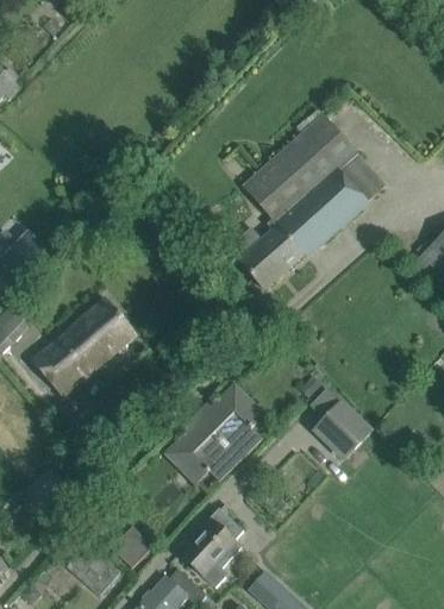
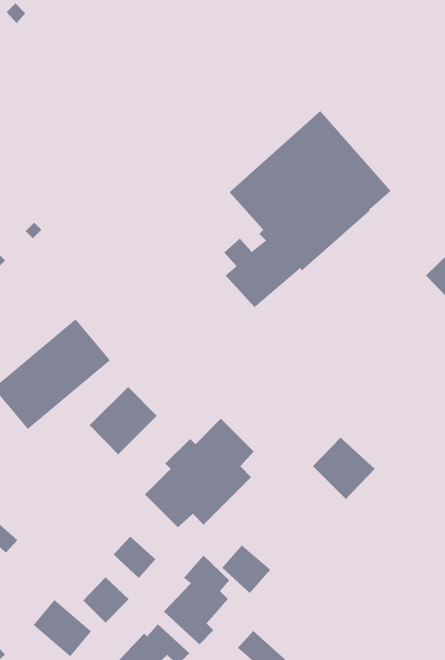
building: none -> [89,386,157,455]
building: none -> [113,536,156,579]
building: none -> [221,545,271,594]

